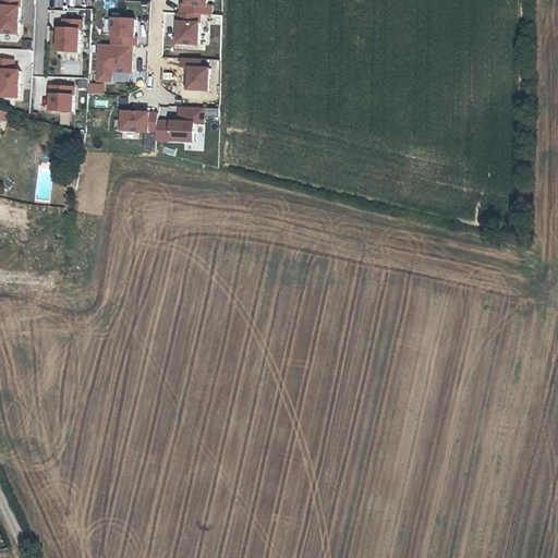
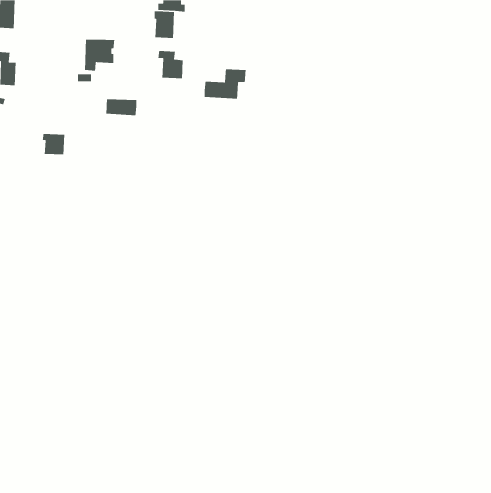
building: [109,17,134,45] -> none
building: [56,19,81,51] -> none
building: [46,85,72,110] -> [42,133,65,155]
building: [154,106,202,141] -> [204,68,246,99]

